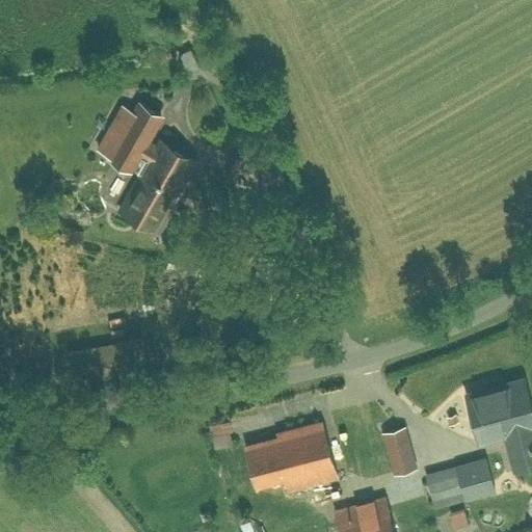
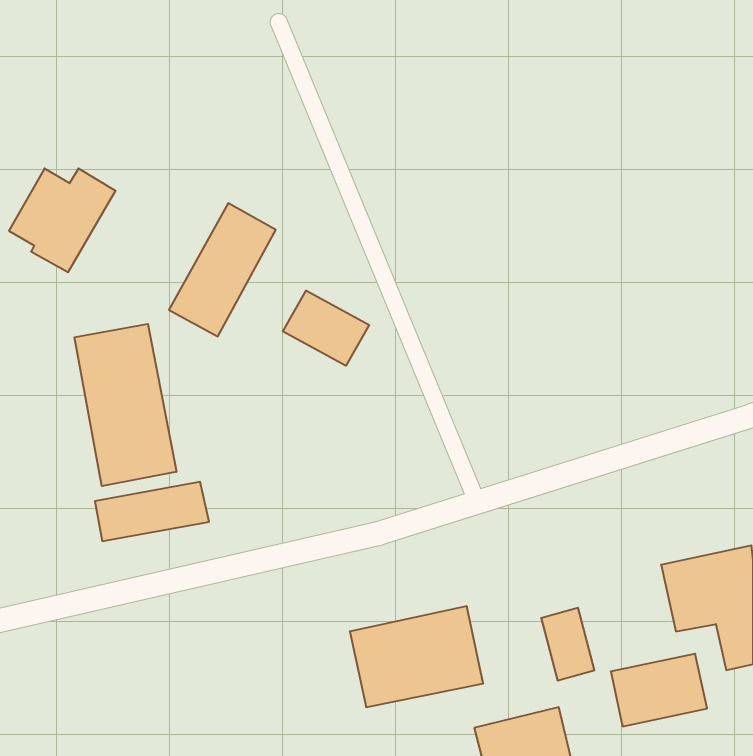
building: [90,102,165,175] -> [9,168,116,272]
building: none -> [283,291,369,366]
building: none -> [75,324,176,486]

